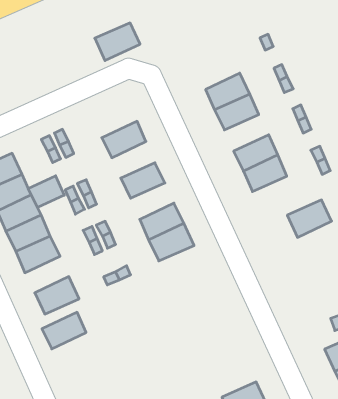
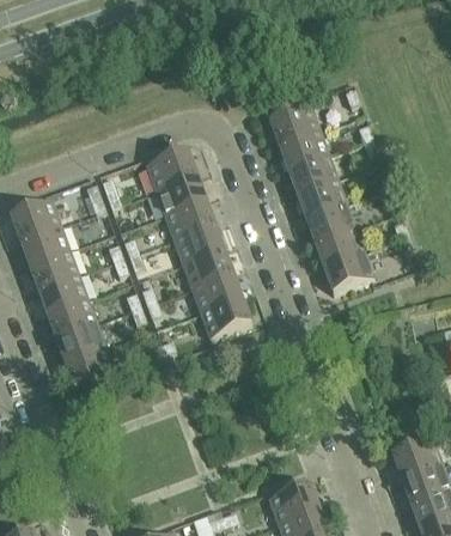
building: [95,23,140,61] -> [146,151,197,191]
building: none -> [269,105,319,146]
building: none -> [297,179,347,219]
building: none -> [165,200,214,239]
building: [28,176,64,207] -> none
building: none -> [183,249,232,288]
building: [287,200,332,237] -> [323,252,373,293]
building: [42,312,86,349] -> [55,323,105,363]

